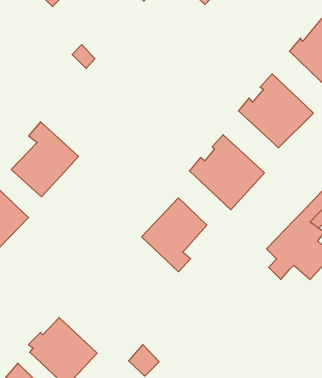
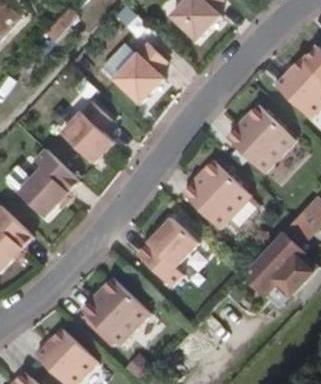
building: none -> [113,42,166,103]
building: none -> [61,101,113,163]
building: none -> [80,277,149,346]

